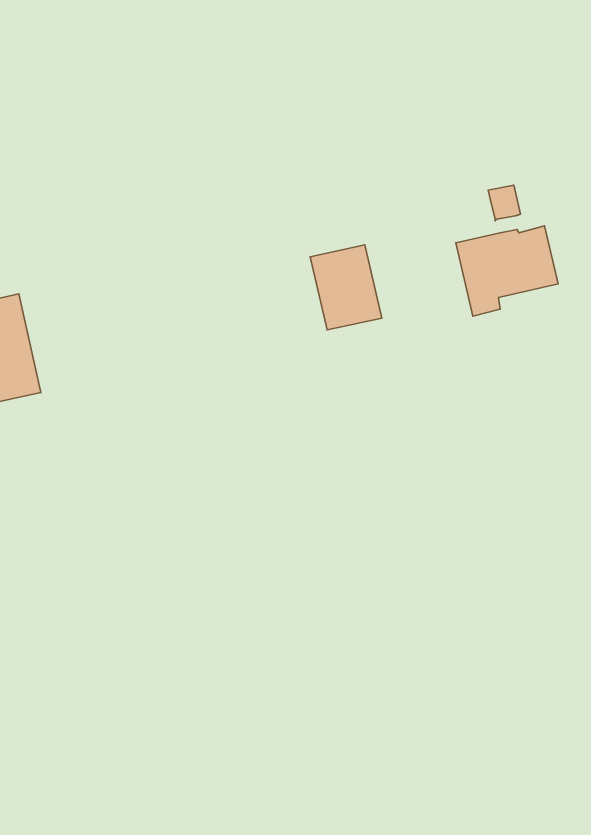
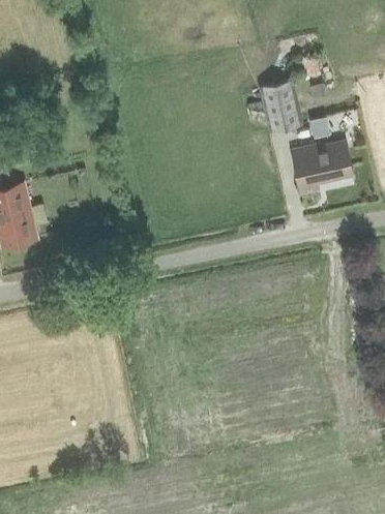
building: [310,245,382,330] -> [259,80,302,131]

